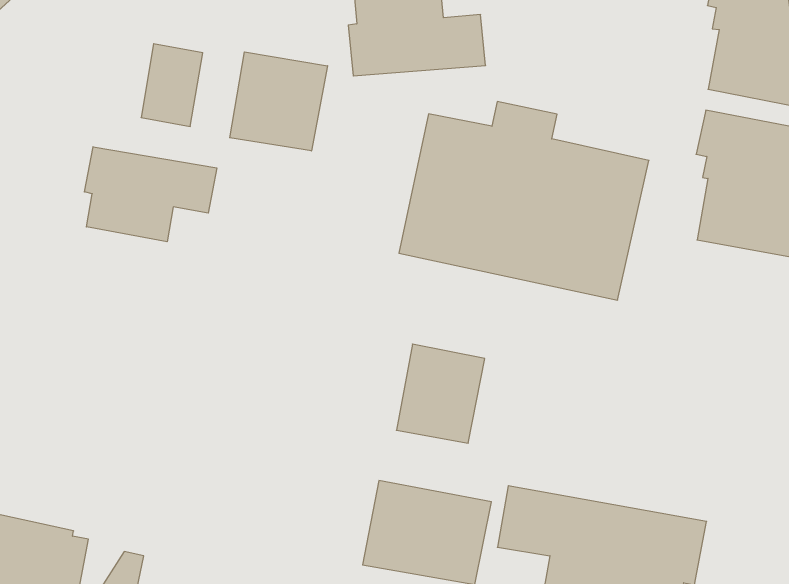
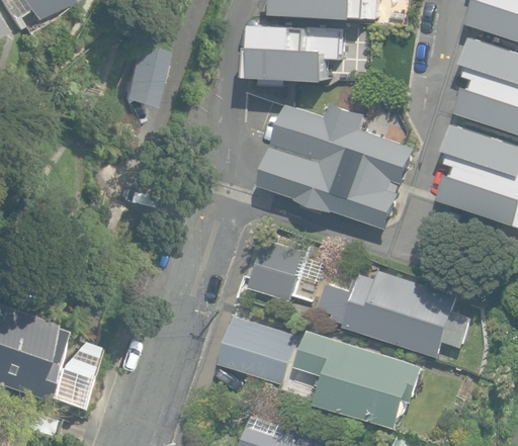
building: [230,52,328,151] -> none
building: [84,147,217,242] -> none
building: none -> [315,271,470,359]

